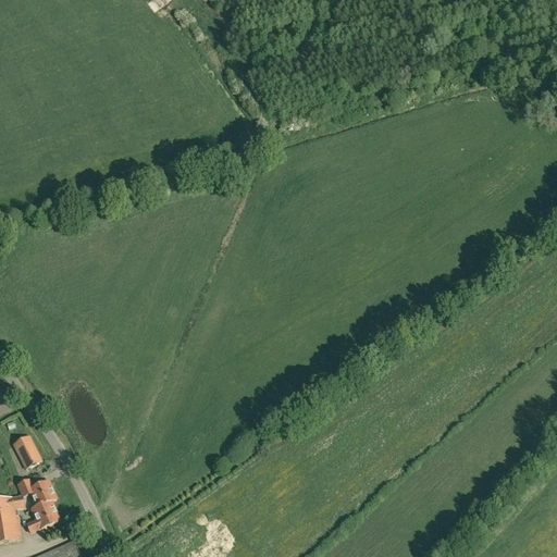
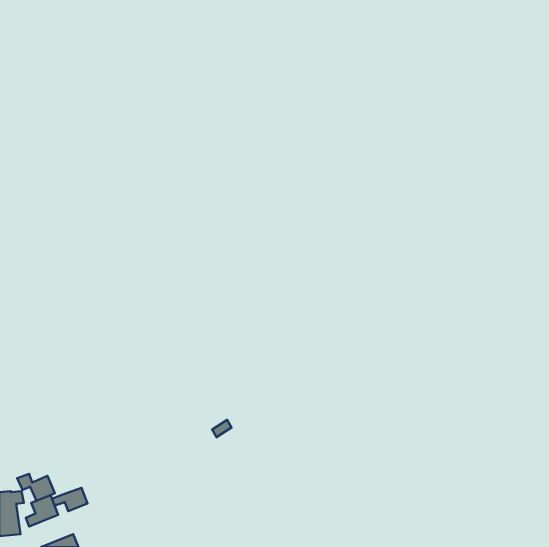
building: [13,434,41,468] -> none
building: none -> [52,488,88,511]

